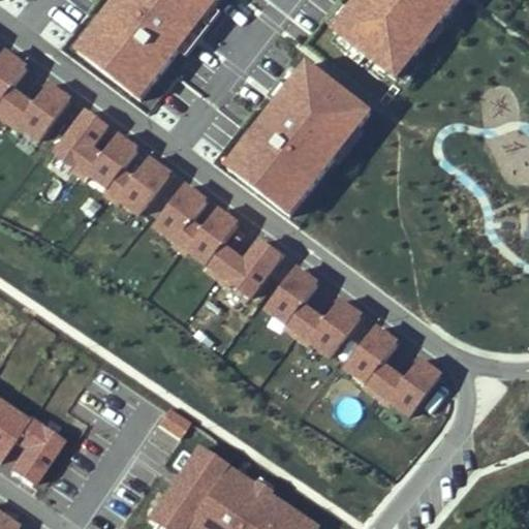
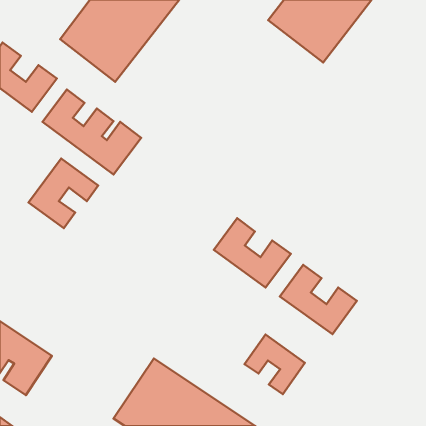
building: [223,57,373,215] -> none
building: [154,185,285,299] -> none
building: none -> [29,158,98,228]
building: none -> [245,335,305,394]

